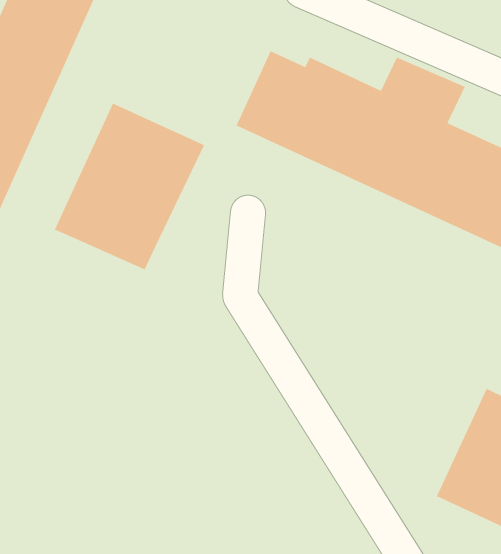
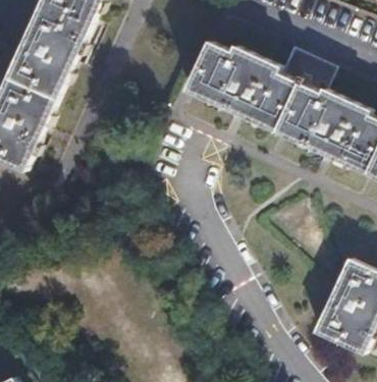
building: [54,103,205,271] -> none

